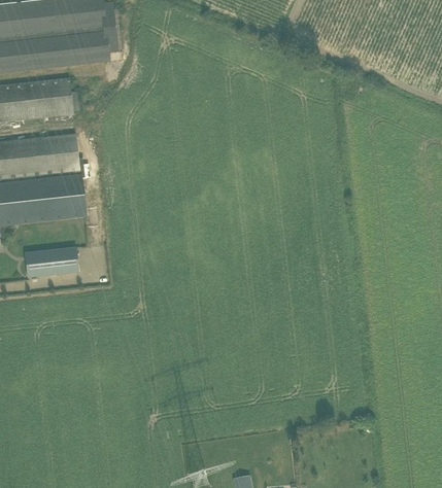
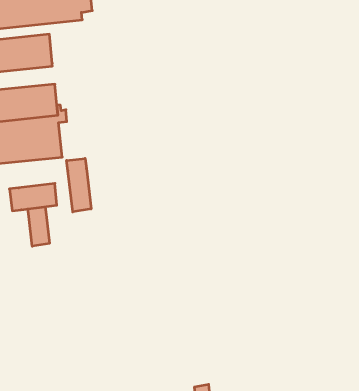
building: none -> [67,158,91,212]
building: none -> [28,207,49,246]

